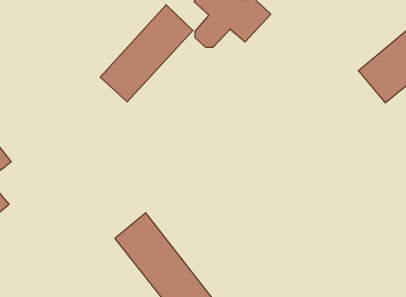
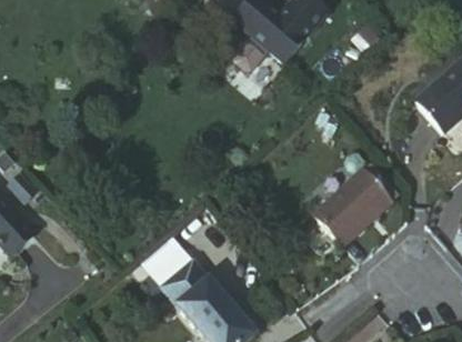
building: [100,5,193,102] -> none
building: none -> [303,164,382,245]

